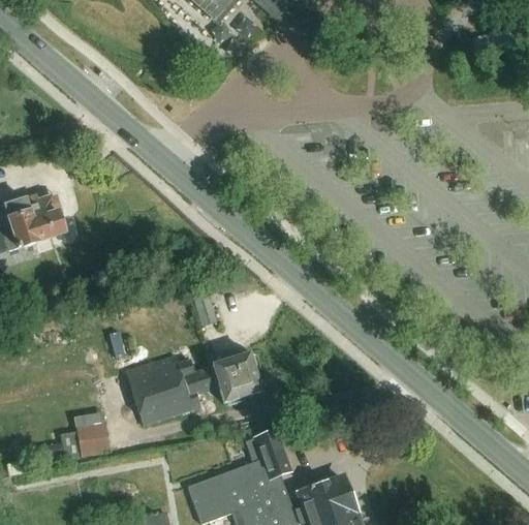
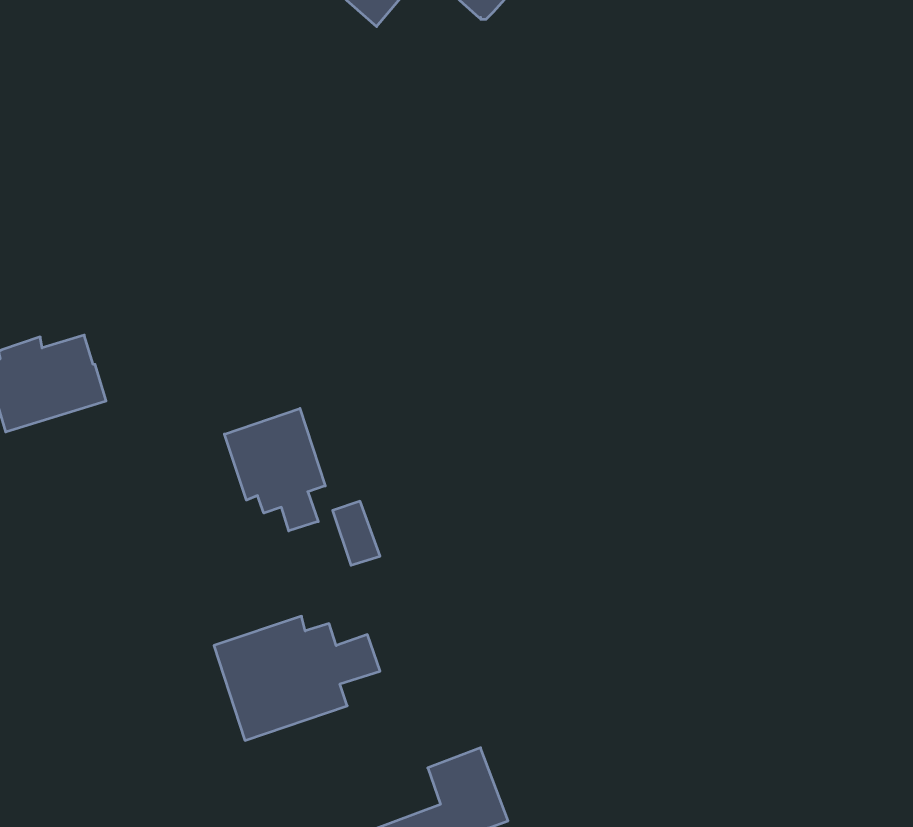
building: none -> [224,408,325,531]
building: [212,350,261,402] -> none
building: [61,410,112,460] -> none

